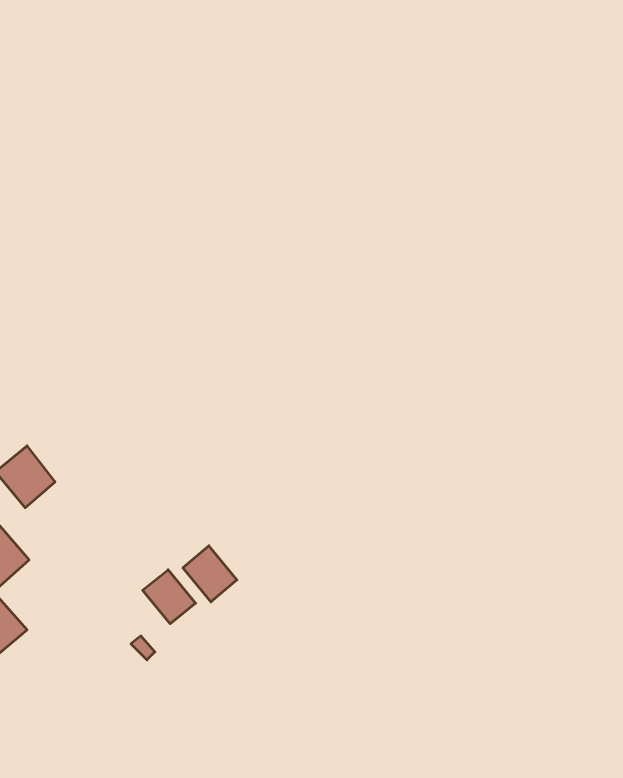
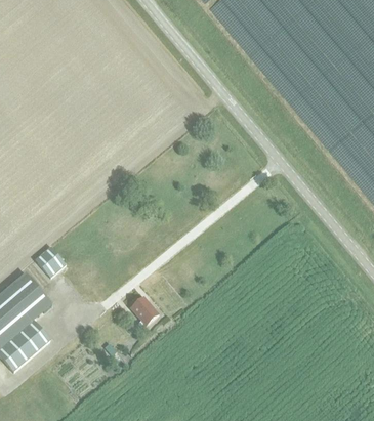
building: [143,570,196,624] -> none

